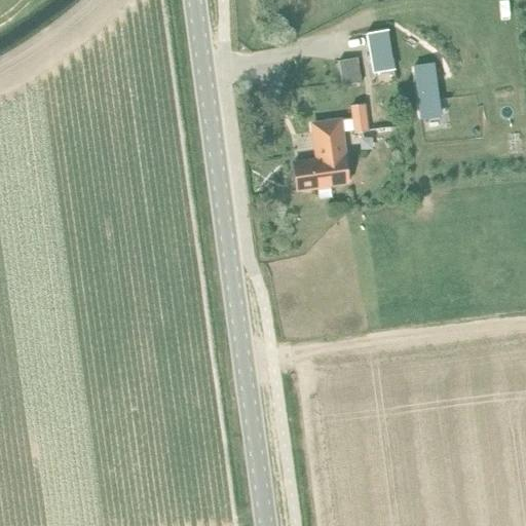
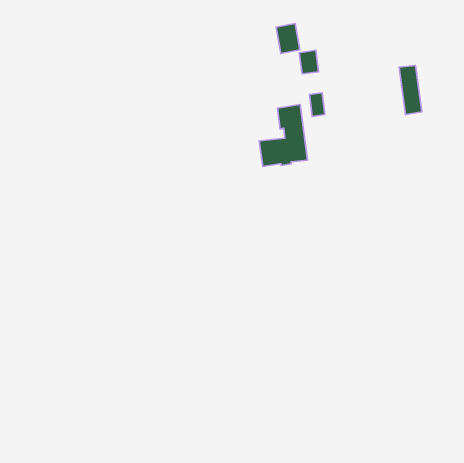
building: [366,29,392,63] -> [276,23,300,53]
building: [414,63,440,118] -> [399,65,422,115]

